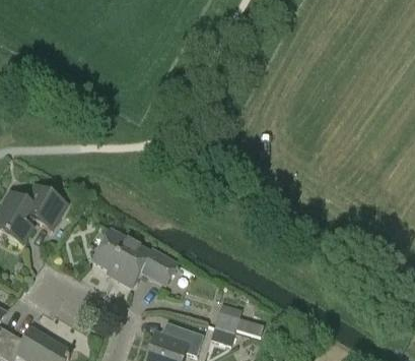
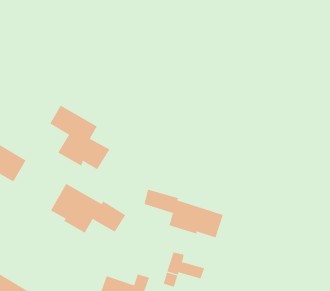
building: none -> [50,105,110,170]
building: none -> [144,189,224,238]

